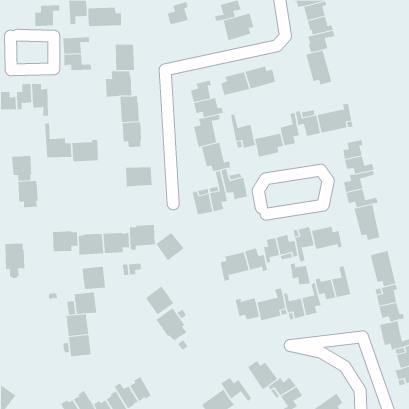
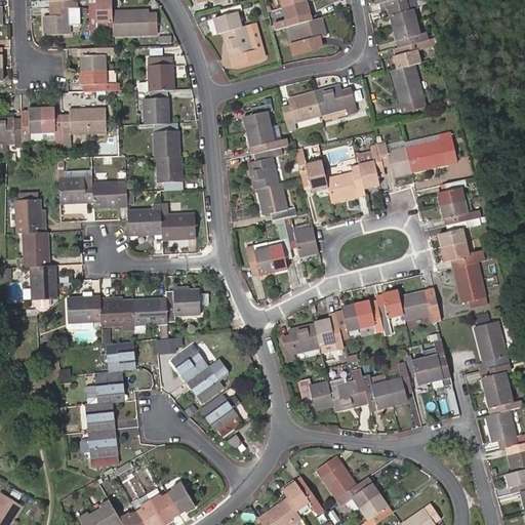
building: none -> [223,25,266,65]
building: none -> [63,108,107,151]
building: none -> [127,205,162,235]
building: [156,232,184,261] -> [171,346,208,382]
building: [4,243,25,278] -> [31,266,57,311]
building: [290,263,310,285] -> none

